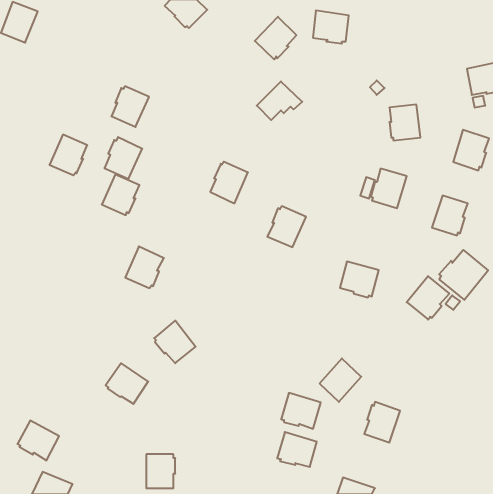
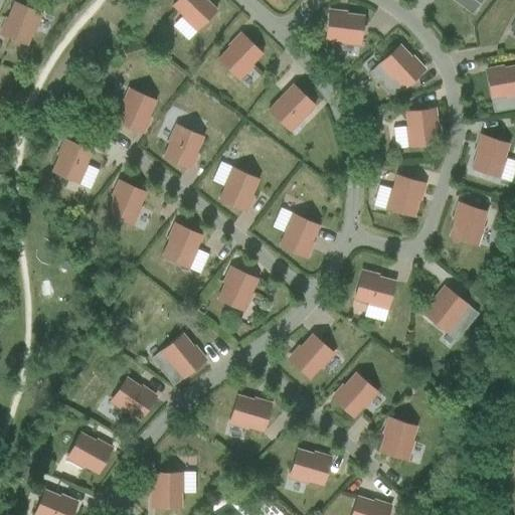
building: [255,17,296,59] -> [219,34,263,78]
building: none -> [380,44,424,90]
building: [104,137,142,179] -> [165,125,204,168]
building: [125,246,164,288] -> [163,223,203,267]
building: [439,250,488,300] -> none
building: none -> [218,267,259,310]
building: none -> [290,334,334,378]
building: [281,393,321,429] -> [230,394,272,432]
building: [17,421,59,460] -> [68,433,112,474]

